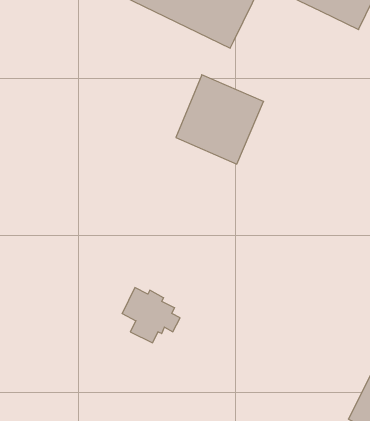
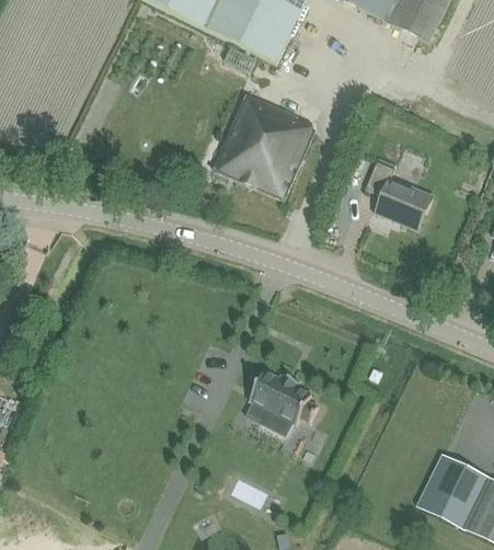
building: none -> [364,160,433,230]
building: [122,288,180,343] -> [249,369,318,435]

